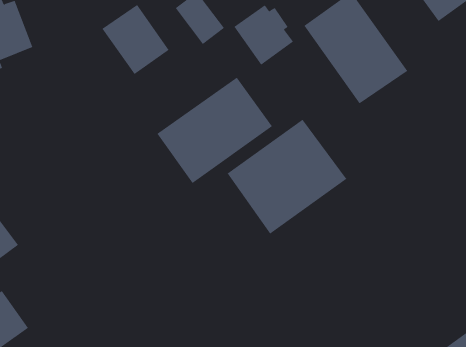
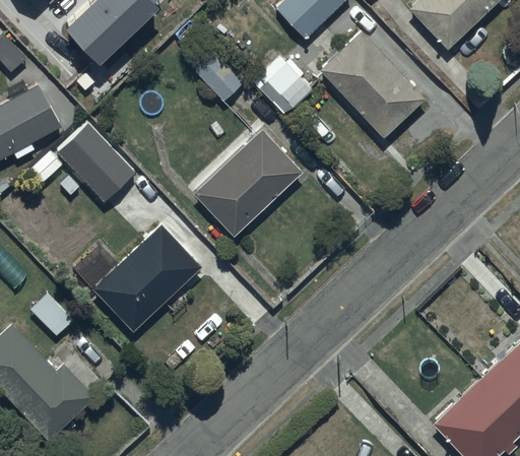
building: [101,4,169,75] -> [60,119,128,187]
building: [227,119,347,234] -> none
building: none -> [75,224,202,333]

